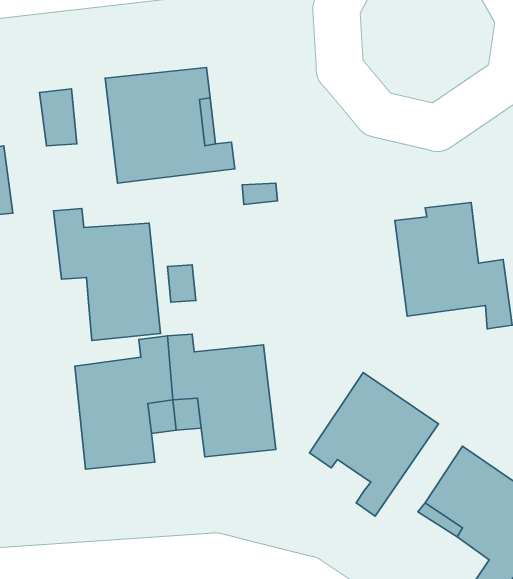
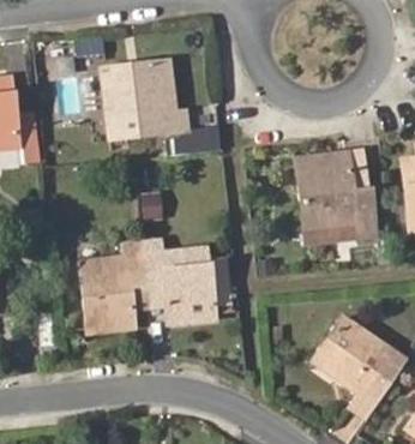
building: [53,209,160,341] -> none
building: [310,372,438,516] -> none

